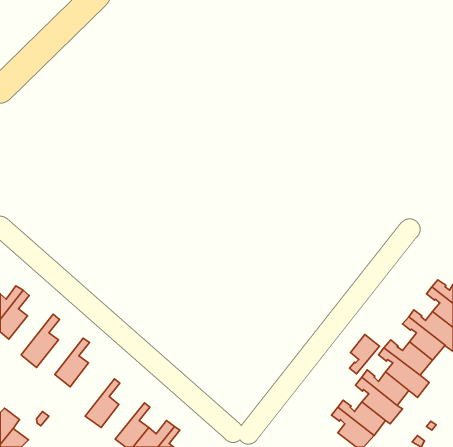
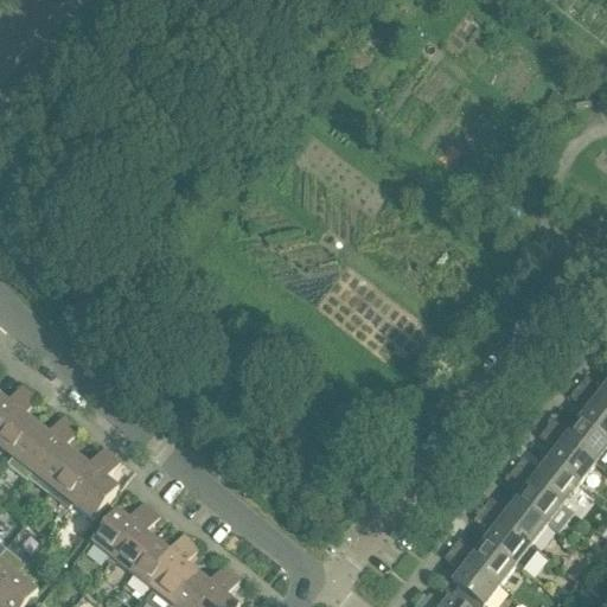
building: none -> [6,414,71,478]
building: none -> [49,446,111,507]
building: [349,335,380,374] -> none
building: none -> [91,500,153,557]
building: none -> [135,531,193,588]

